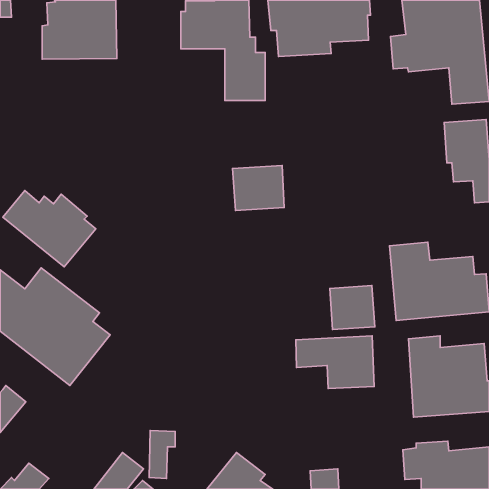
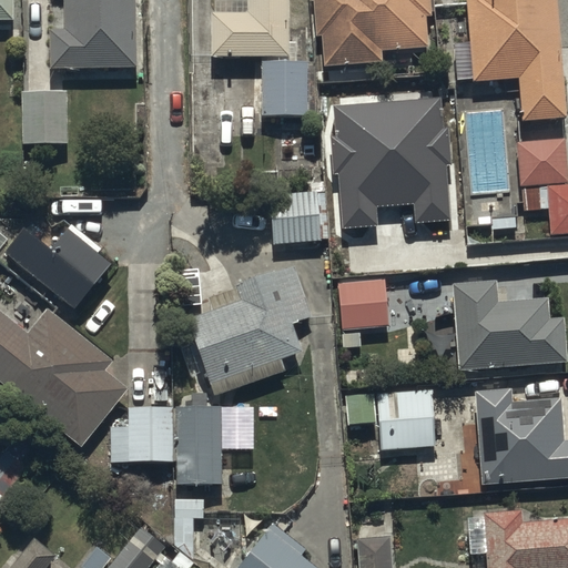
building: none -> [20,92,69,143]
building: none -> [332,97,452,227]
building: none -> [185,266,311,395]
building: [330,286,375,330] -> [336,280,388,331]
building: none -> [109,406,252,485]

